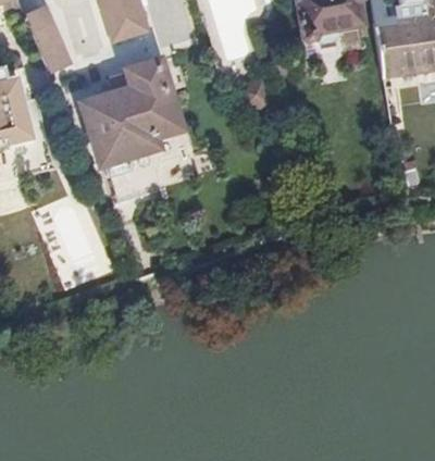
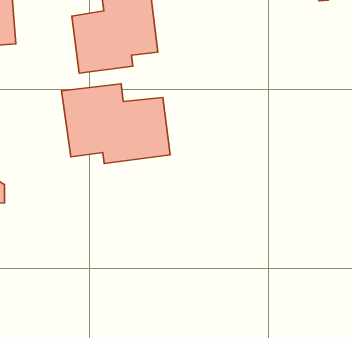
building: none -> [62,84,170,163]

